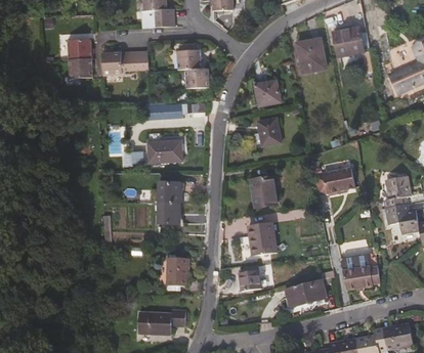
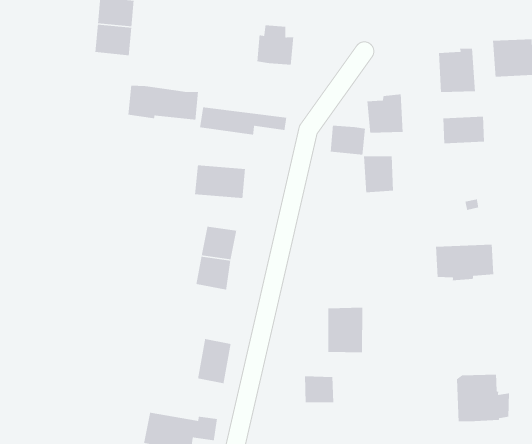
building: [101,50,149,73] -> [128,85,199,120]
building: [185,68,209,87] -> [330,125,366,155]
building: none -> [443,116,485,144]
building: [252,176,275,207] -> none
building: [285,274,335,306] -> none

